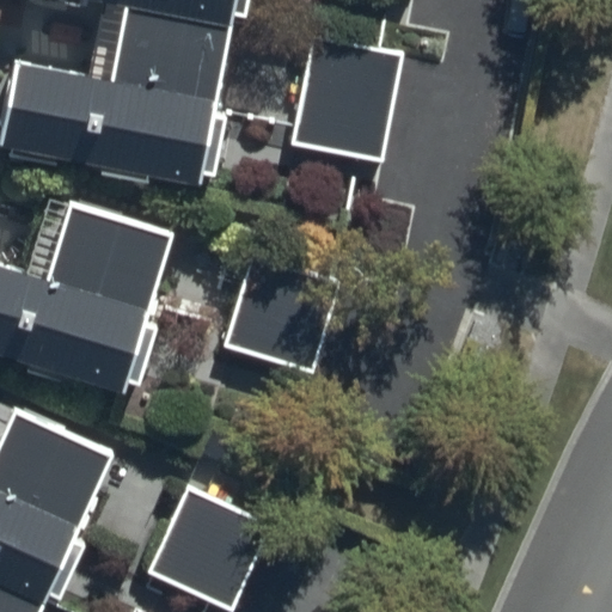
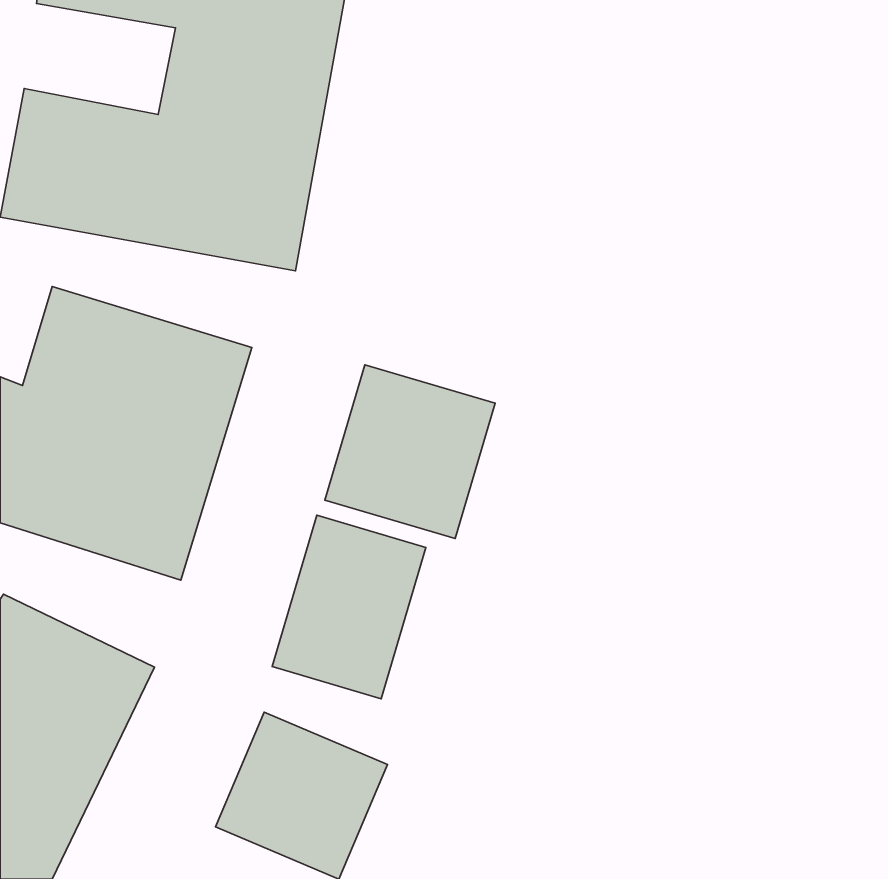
building: [289,39,403,163] -> none
building: none -> [272,515,426,699]

